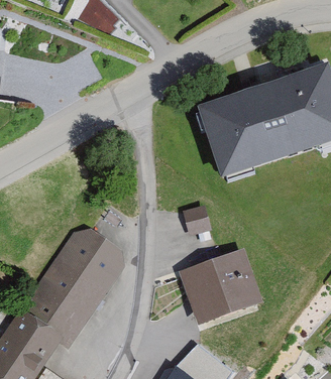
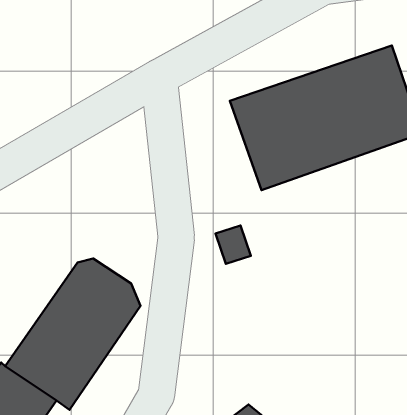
building: [185,247,265,323] -> none

